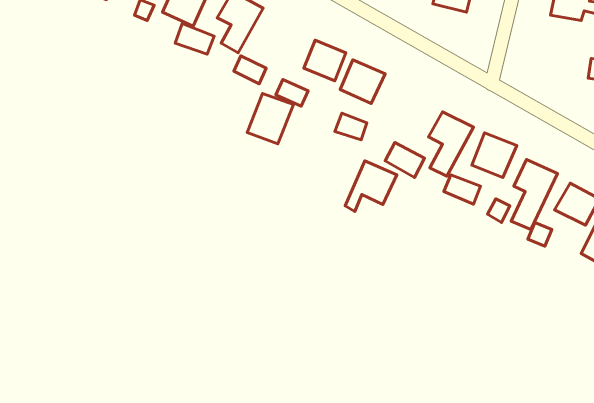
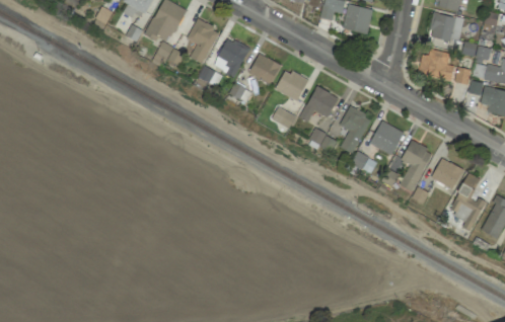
building: none -> [419,50,454,80]
building: [247,93,293,144] -> [214,39,247,76]
building: [345,161,397,211] -> [301,86,339,123]

